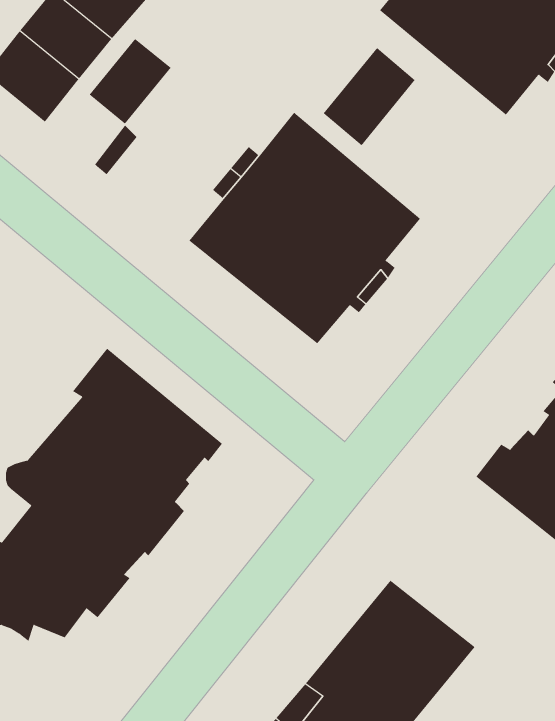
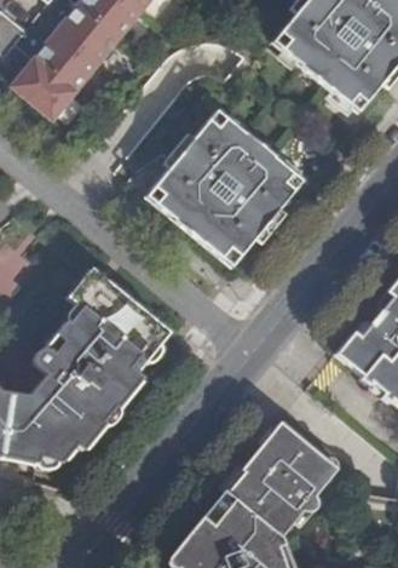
building: [89,38,171,124] -> none
building: [323,47,416,146] -> none

